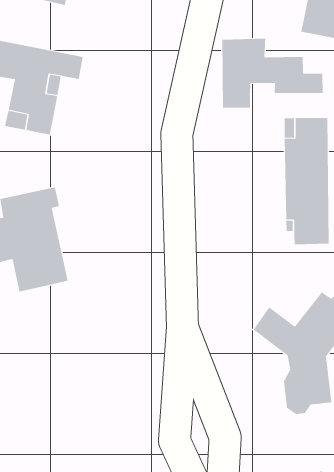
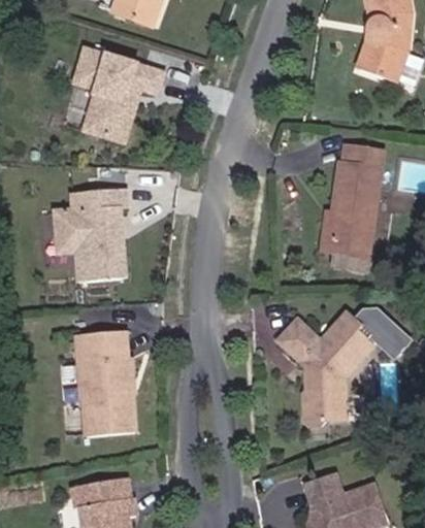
building: [222,38,323,108] -> none
building: none -> [76,330,136,437]

